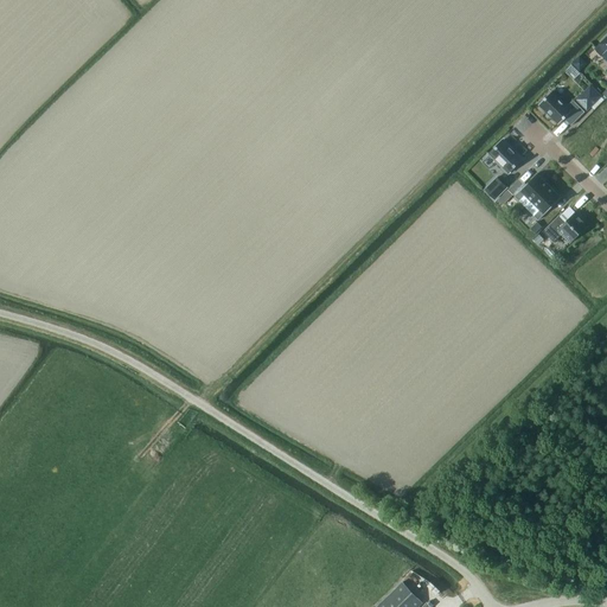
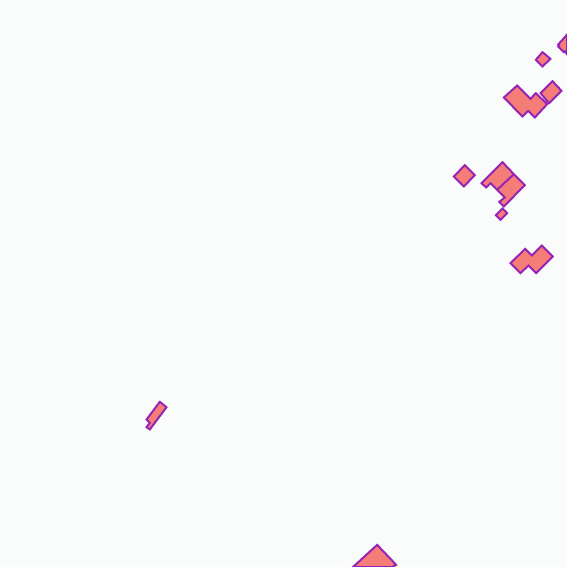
building: [490,140,523,173] -> none
building: [543,212,588,242] -> [511,245,553,273]

